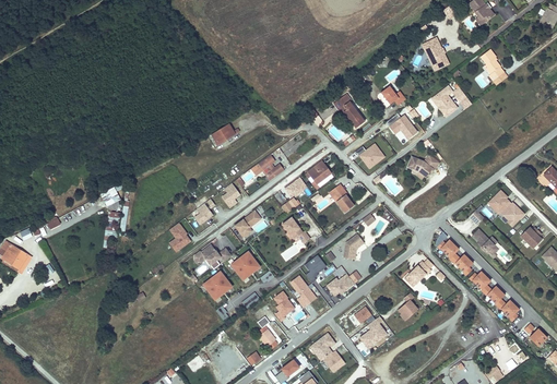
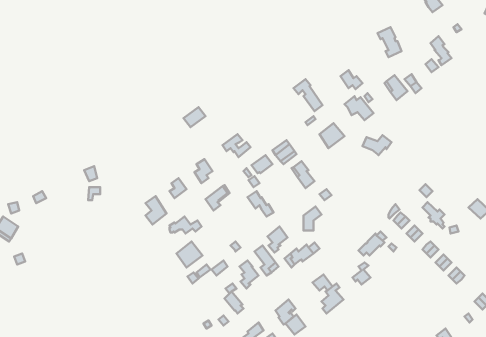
building: [489,188,528,225] -> none
building: [230,251,260,279] -> none

